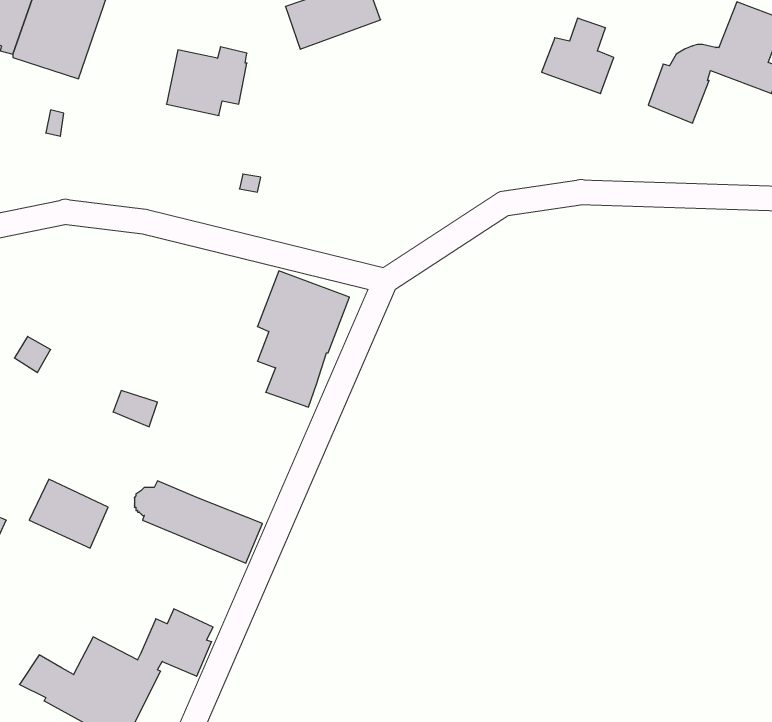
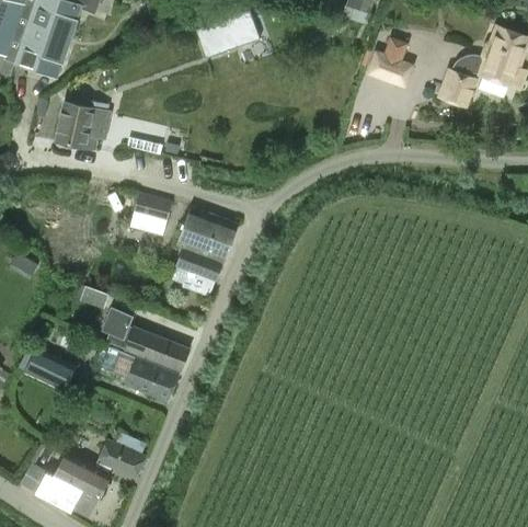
building: [166,47,247,116] -> [56,101,110,147]
building: none -> [129,193,172,237]
building: none -> [101,307,188,369]

